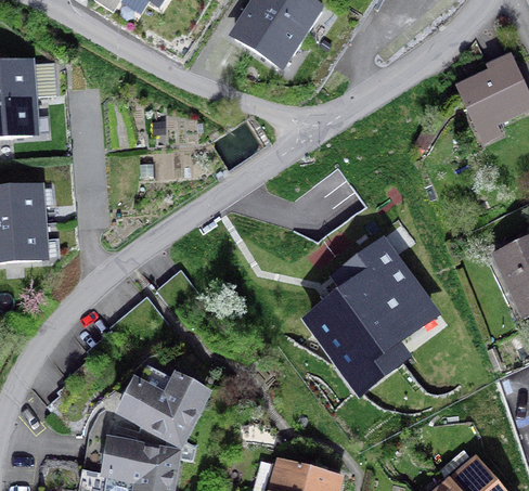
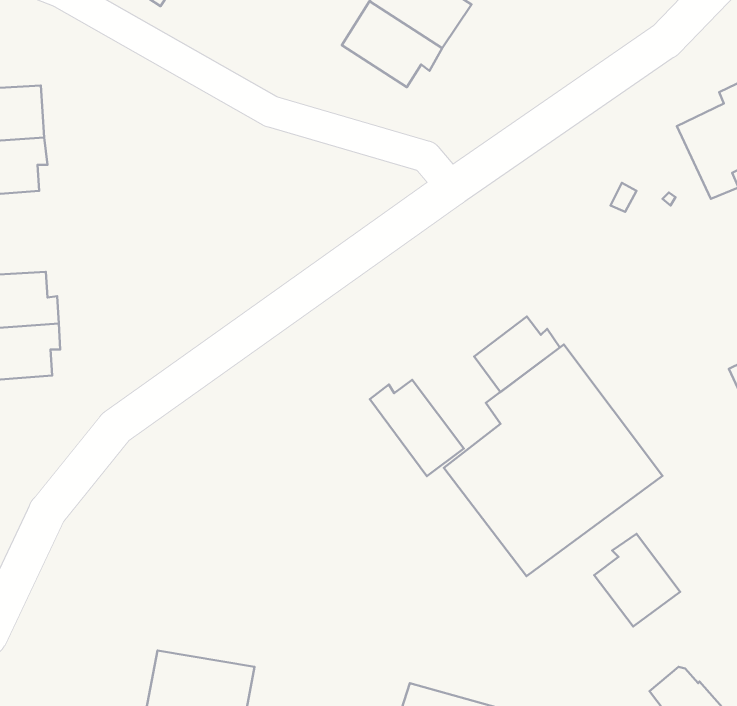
building: none -> [474,316,560,392]
building: none -> [370,380,464,476]
building: none -> [594,534,680,627]
building: [120,362,204,440] -> none

